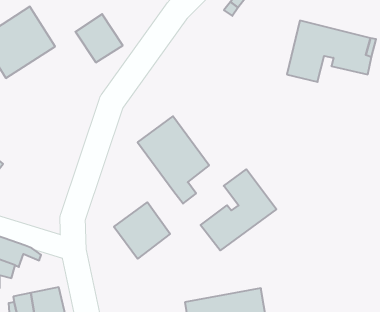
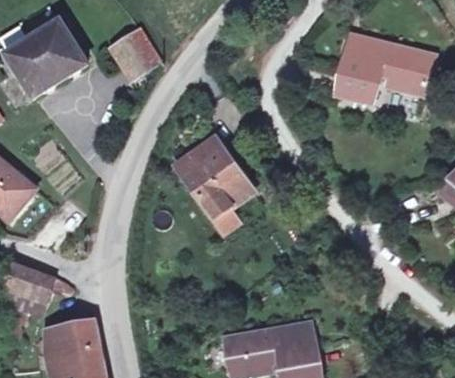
building: [201,169,276,250] -> none
building: [114,202,170,259] -> none

